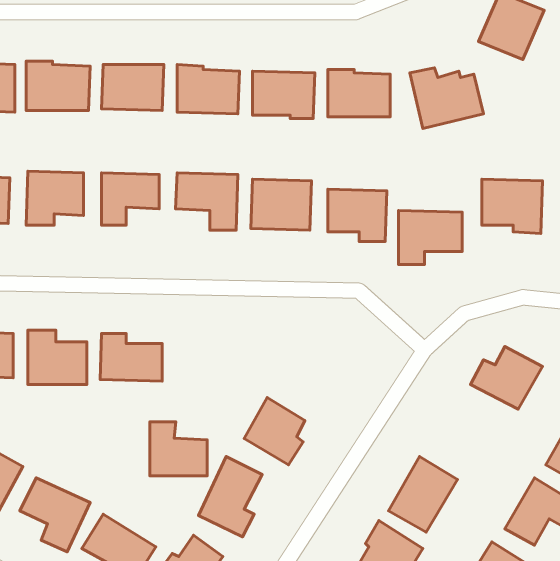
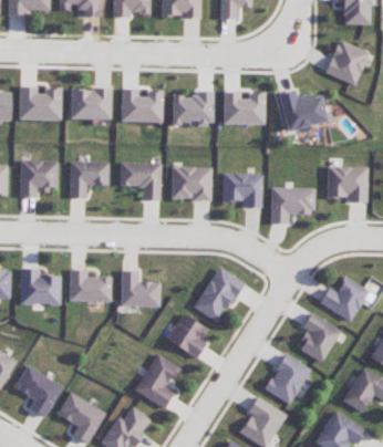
building: none -> [193,267,242,322]
building: none -> [297,312,341,363]
building: [150,422,207,476] -> [121,270,159,306]

